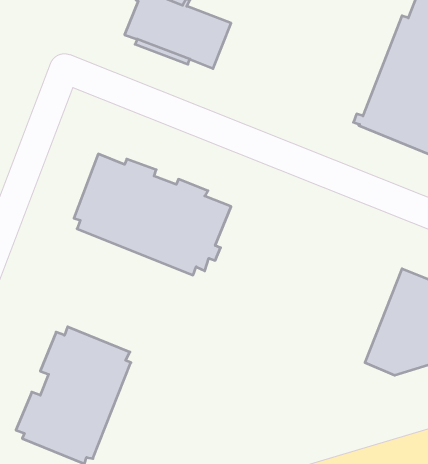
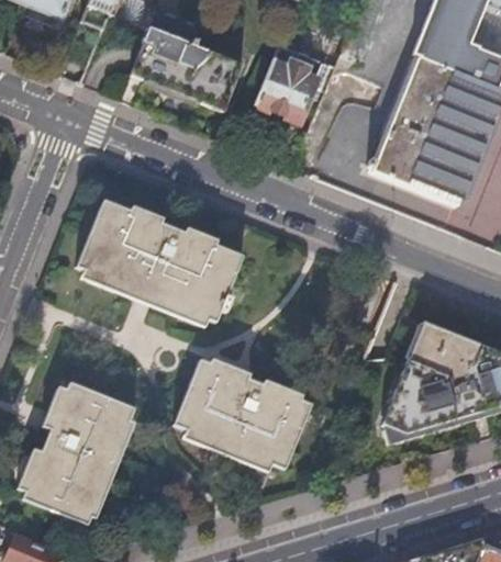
building: none -> [257,50,334,123]
building: none -> [175,358,312,472]

